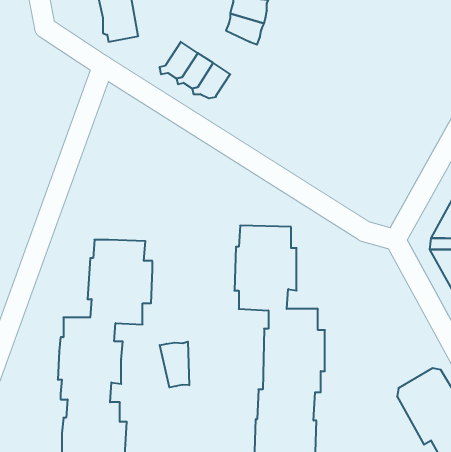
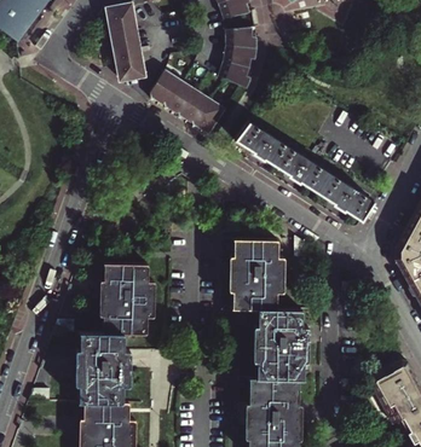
building: none -> [151,71,183,104]
building: none -> [235,121,375,221]
building: [160,342,189,387] -> none

